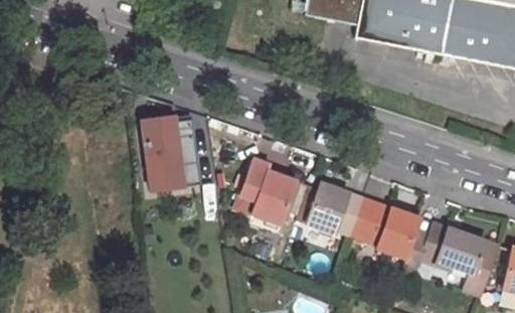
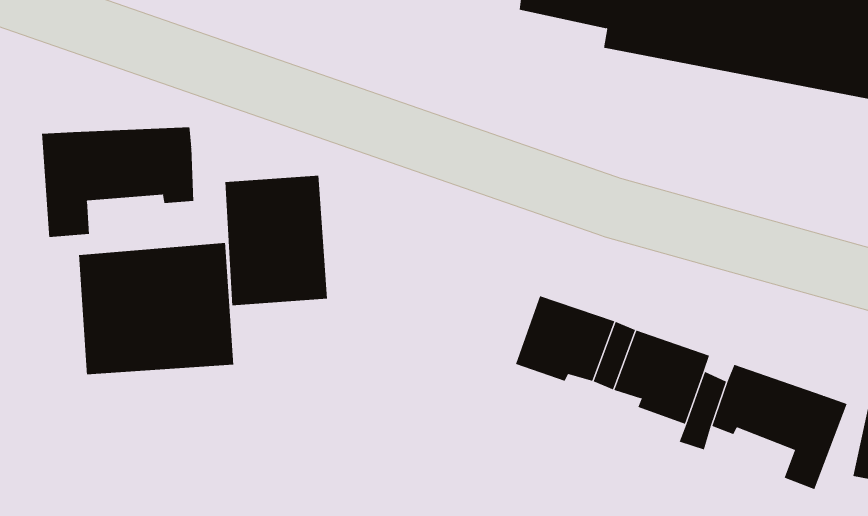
building: none -> [41,127,194,238]
building: none -> [79,242,234,375]
building: [242,157,299,224] -> none

